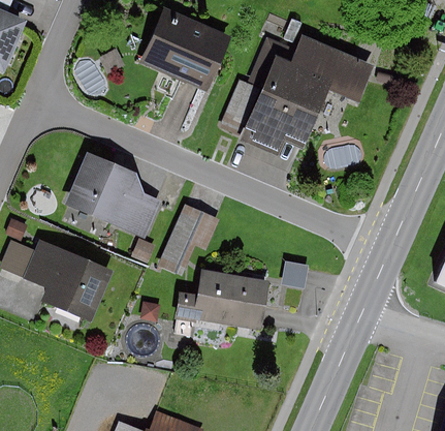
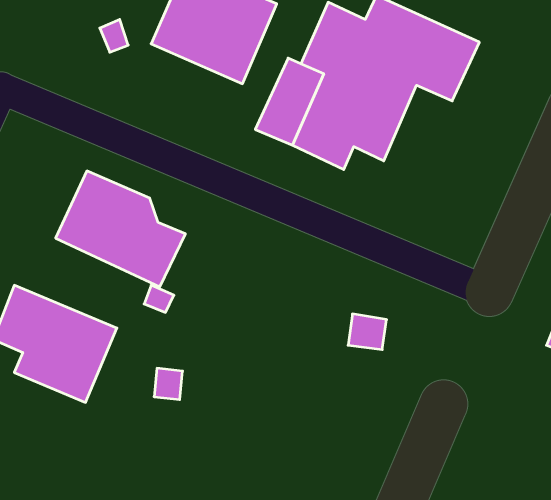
building: [158,204,220,275] -> none
building: [176,271,271,331] -> none

